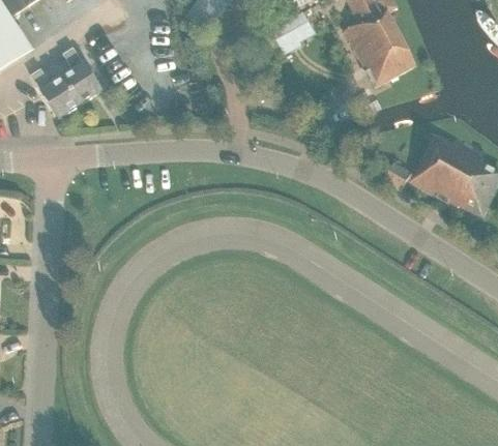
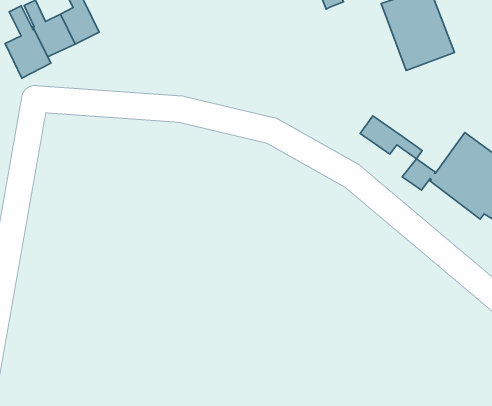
building: none -> [5,6,51,78]
building: none -> [360,116,422,159]

